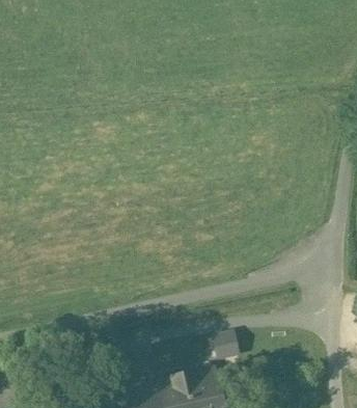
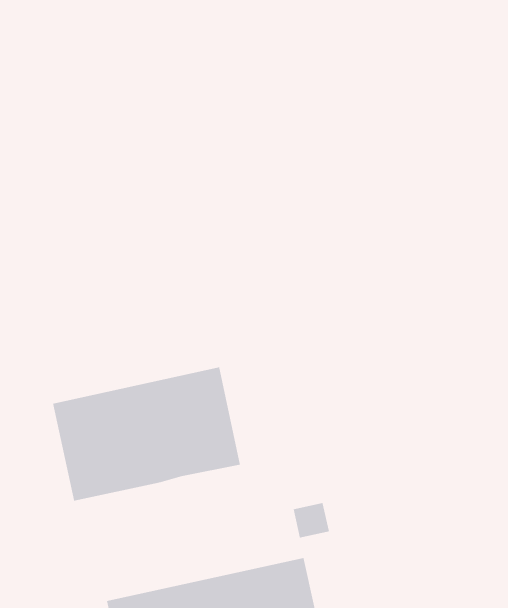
building: none -> [53,367,241,502]

